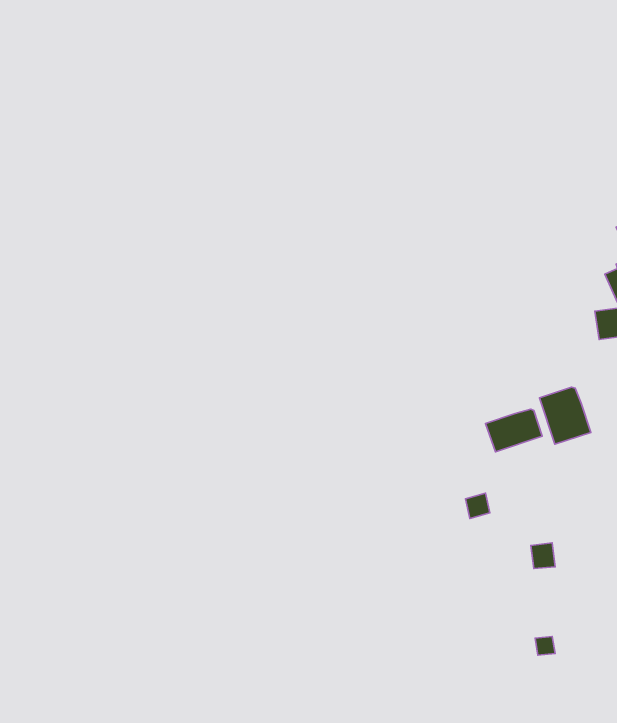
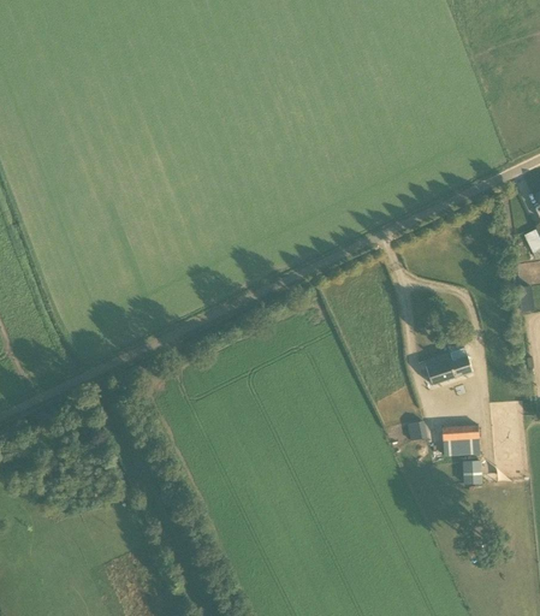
building: [540,387,591,444] -> none
building: none -> [441,424,479,452]

